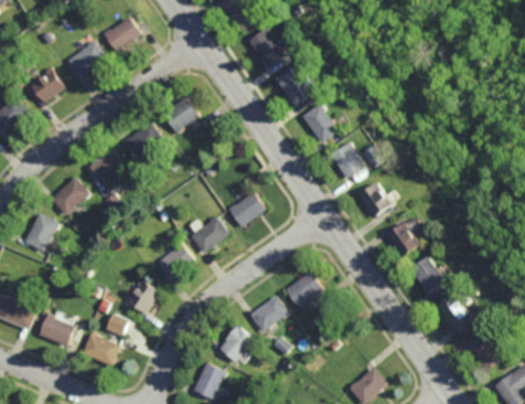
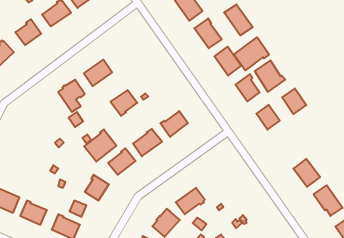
building: none -> [224,4,253,35]
building: none -> [234,37,269,70]
building: [162,96,199,131] -> [111,90,137,116]
building: none -> [255,60,285,92]
building: [47,174,88,214] -> none
building: [23,212,57,249] -> none
building: none -> [84,129,116,162]
building: [388,222,421,257] -> [282,88,306,114]
building: [286,272,323,308] -> none

